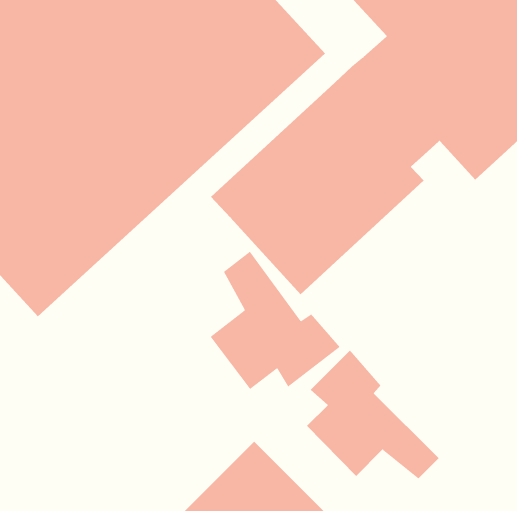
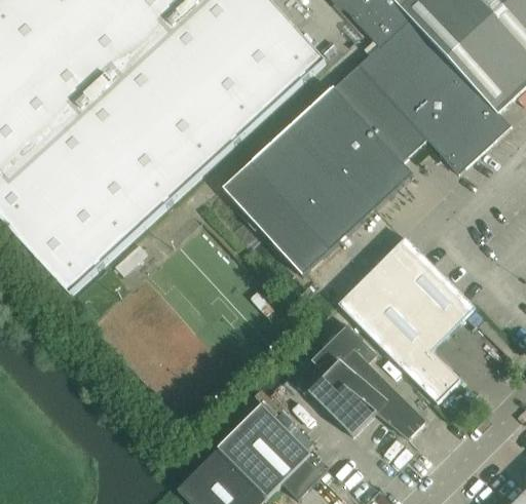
building: [210,251,340,390] -> none
building: none -> [338,236,475,401]

